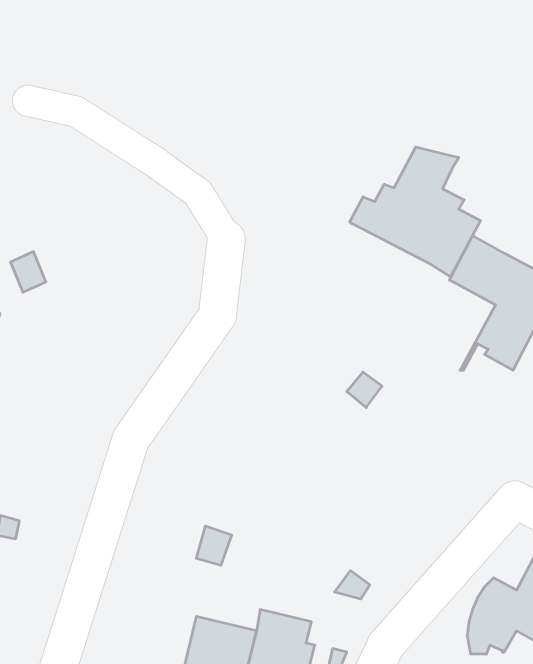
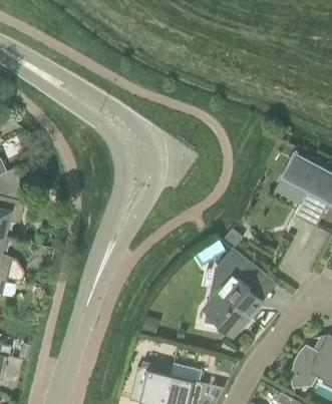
building: [350,147,480,277] -> none
building: none -> [203,252,266,338]

